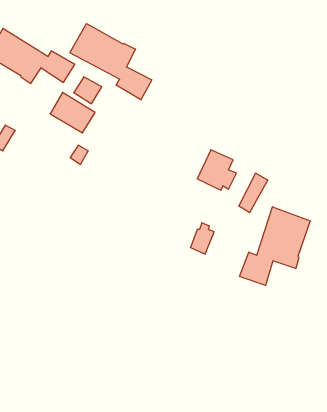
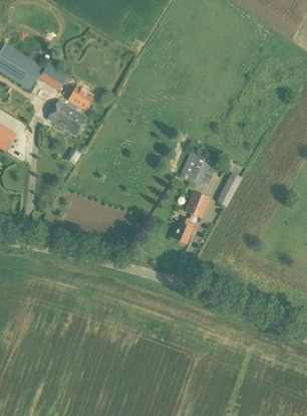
building: [70,24,152,100] -> none
building: none -> [185,190,210,218]
building: [240,207,310,285] -> none

